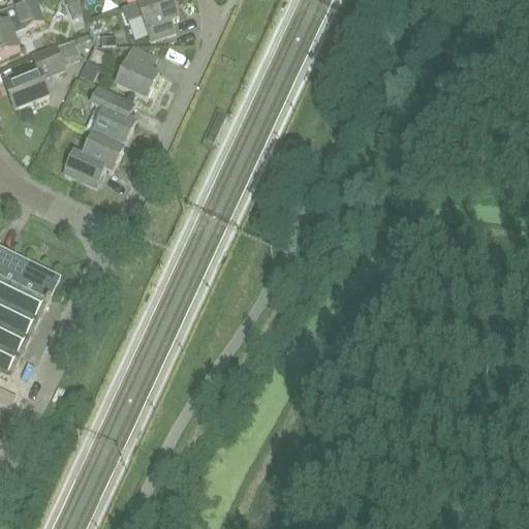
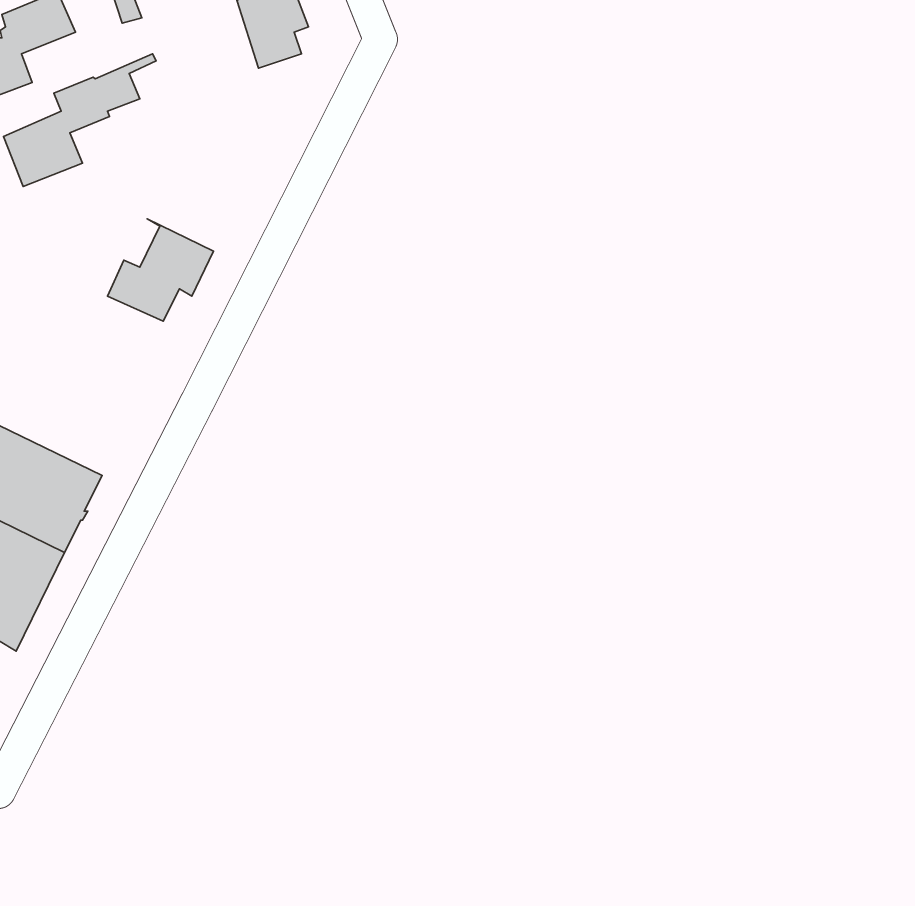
building: [115,44,158,97] -> none
building: [85,86,135,145] -> none

